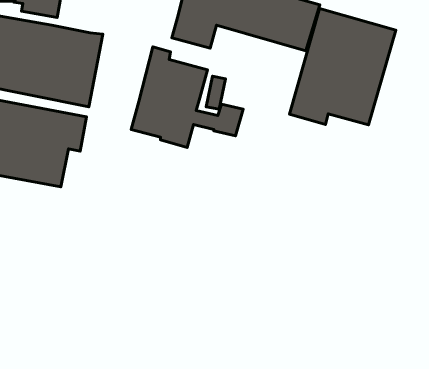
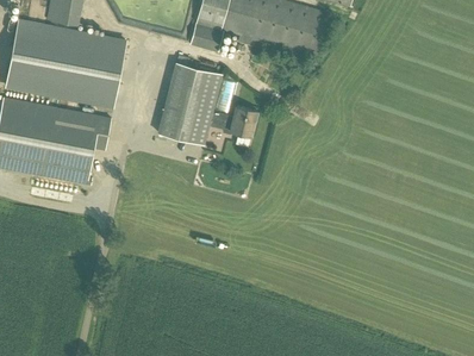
building: [289,9,396,125] -> none

